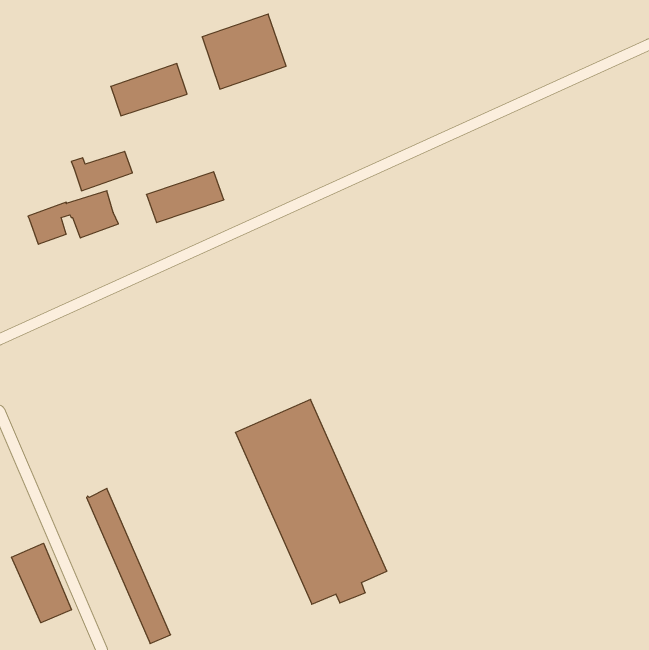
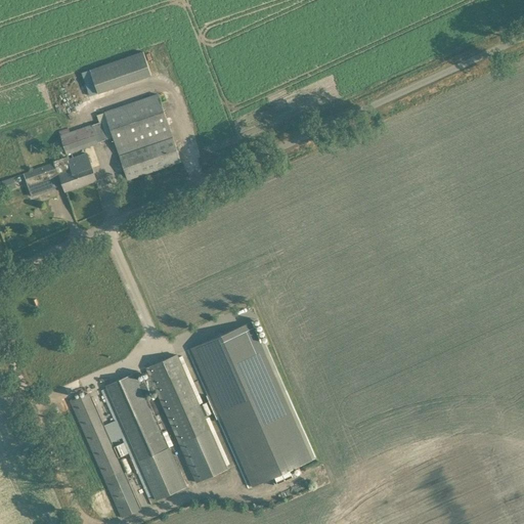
building: [202,14,286,89] -> [103,94,171,155]
building: none -> [105,354,225,500]
building: [12,543,71,623] -> none

